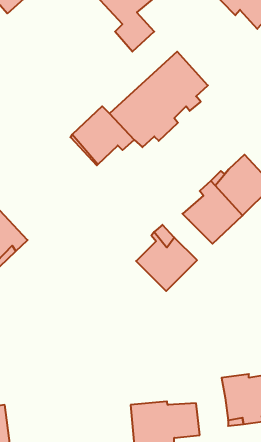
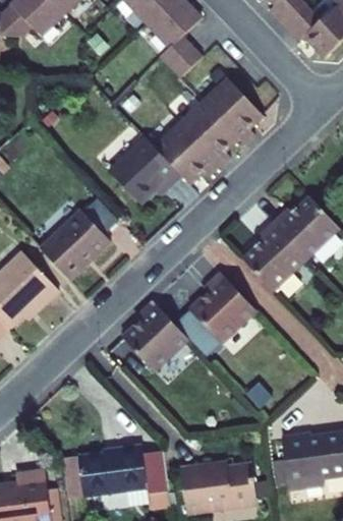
building: none -> [43,206,113,276]
building: none -> [115,300,181,371]
building: none -> [73,445,164,497]

